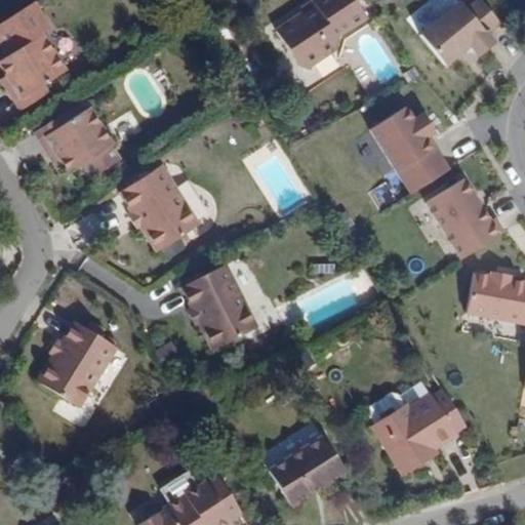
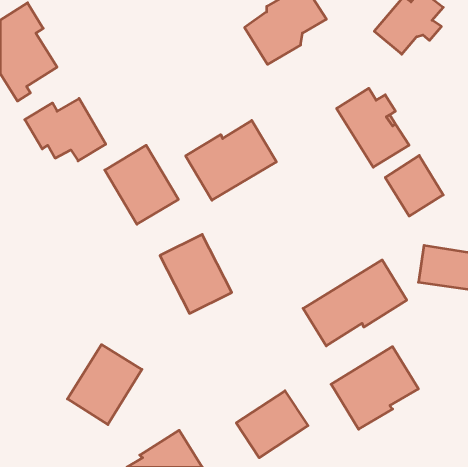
building: none -> [186,120,276,200]
building: none -> [303,260,407,346]
building: [32,322,115,411] -> [67,345,142,425]

